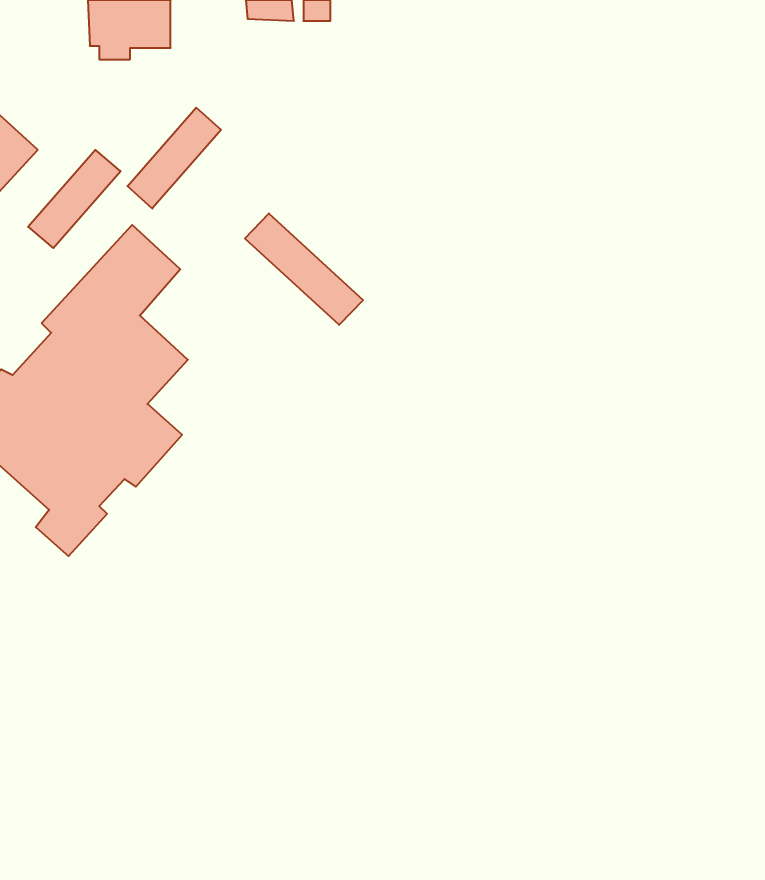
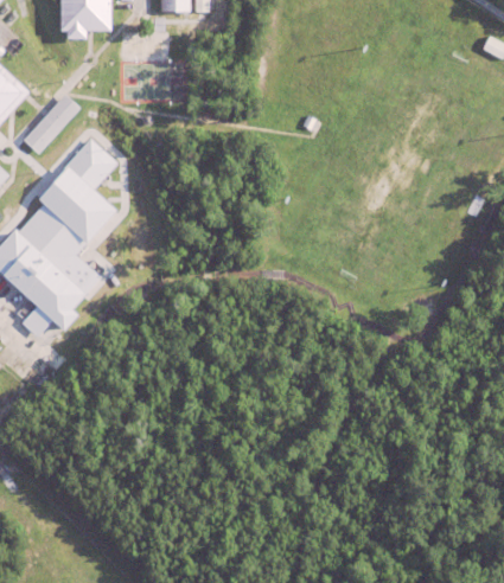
building: [127,108,221,209] -> none
building: [245,213,363,325] -> none

